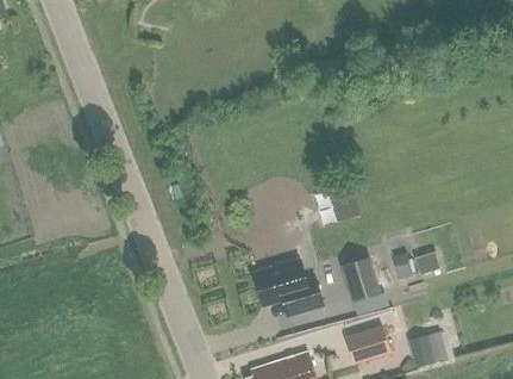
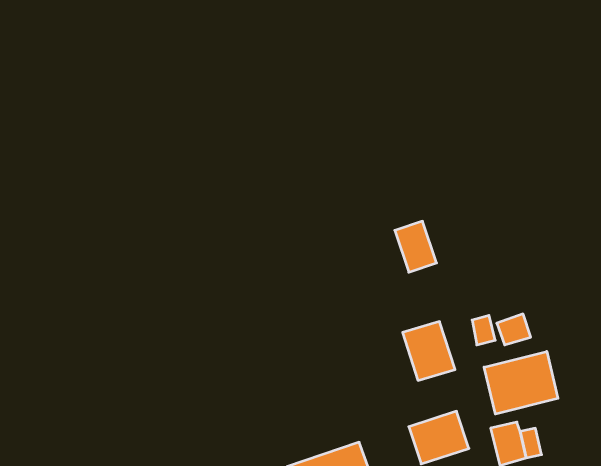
building: [256,260,325,313] -> none
building: none -> [484,351,558,414]

